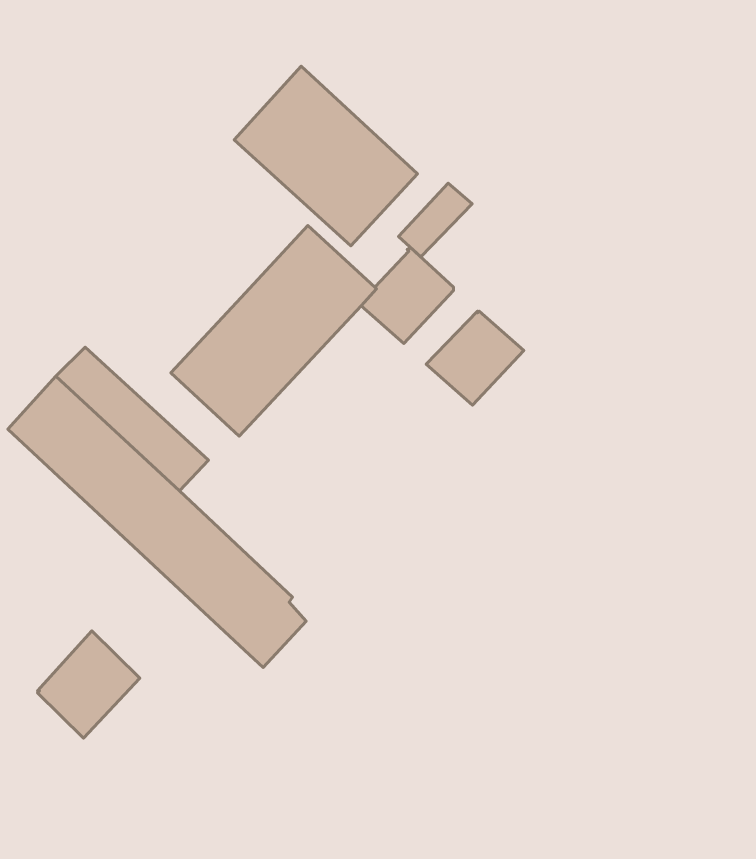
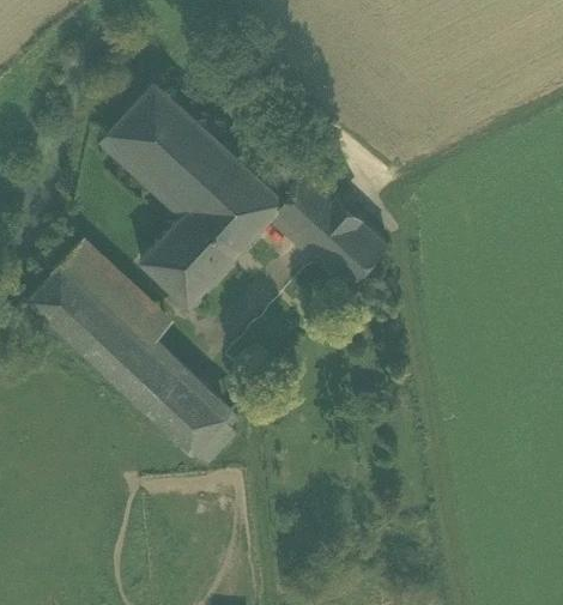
building: [234,66,418,246] -> [108,84,236,210]
building: [398,183,472,257] -> [303,205,355,256]
building: [37,631,140,738] -> none

